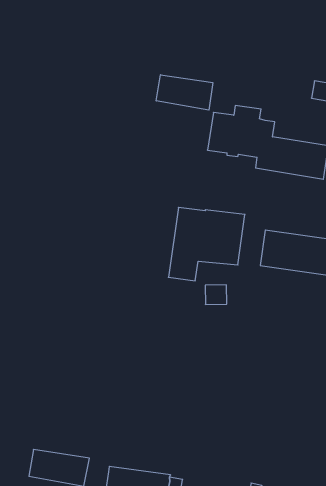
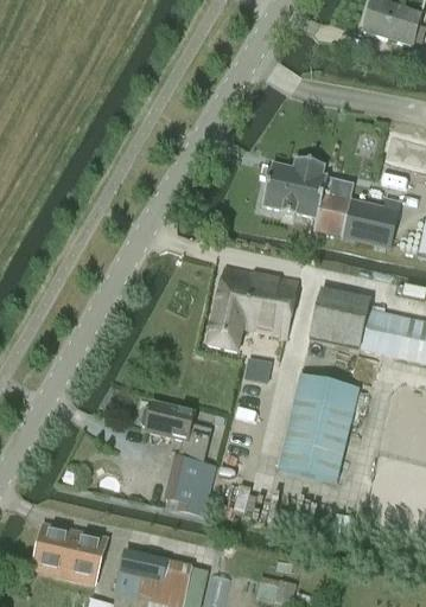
building: [156,75,213,110] -> none
building: none -> [285,373,351,473]
building: none -> [140,402,212,516]

